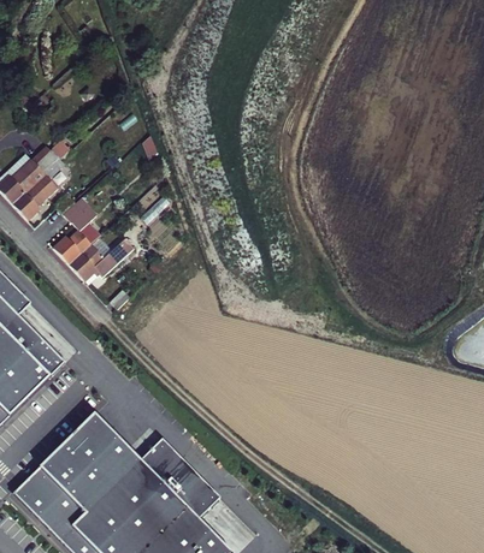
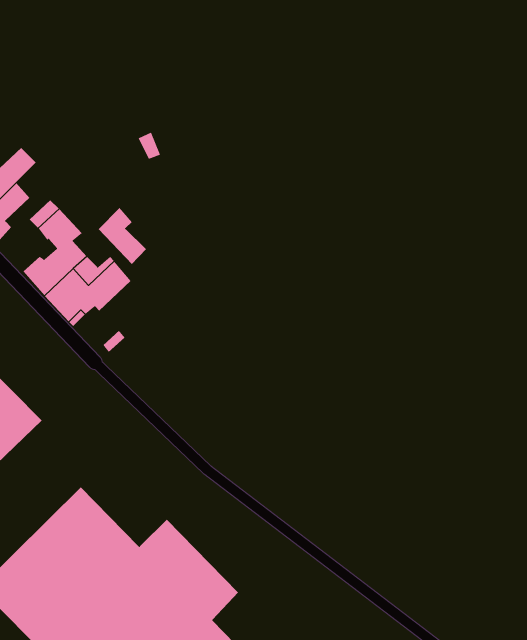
building: none -> [98,207,147,265]

